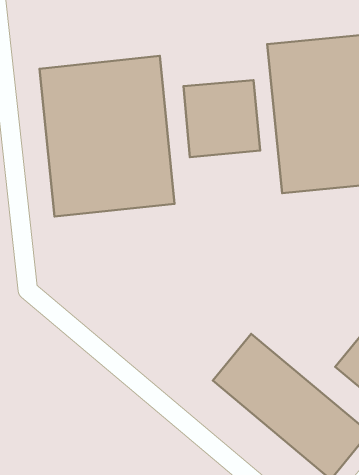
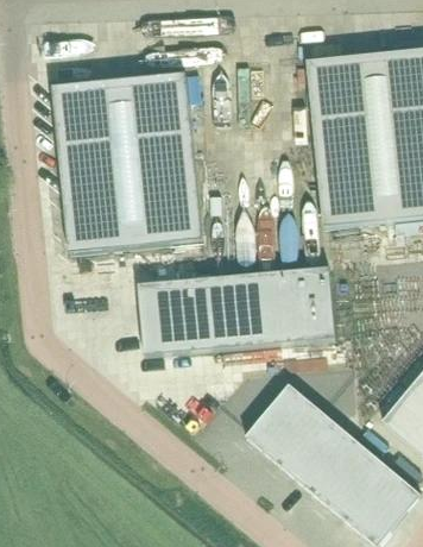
building: [183,80,260,157] -> none
building: none -> [138,265,335,354]

